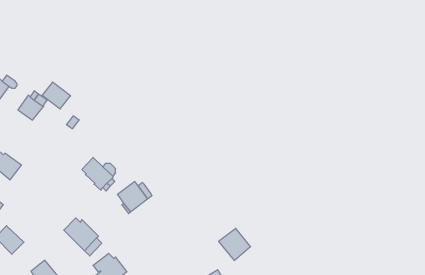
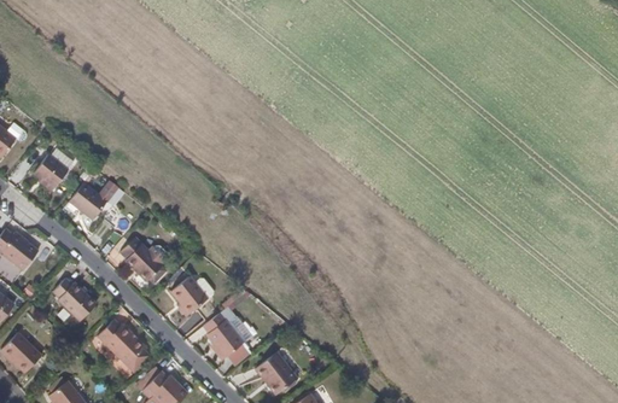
building: [42,82,71,109] -> [65,182,105,220]
building: none -> [52,274,94,316]
building: none -> [204,310,246,358]
building: [219,228,251,260] -> [256,350,301,395]

